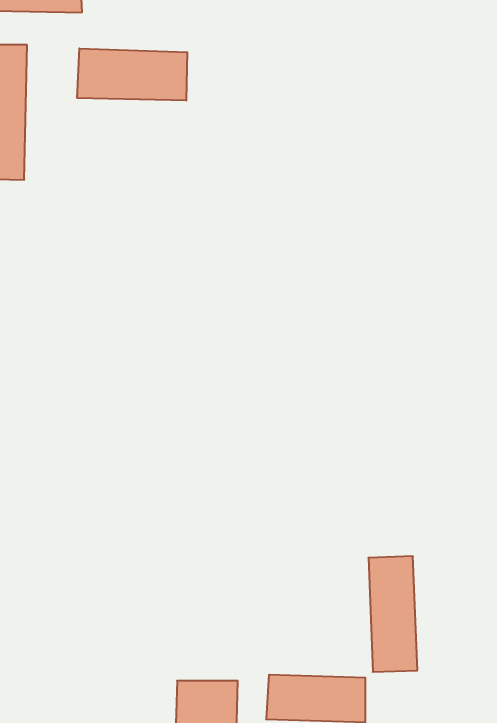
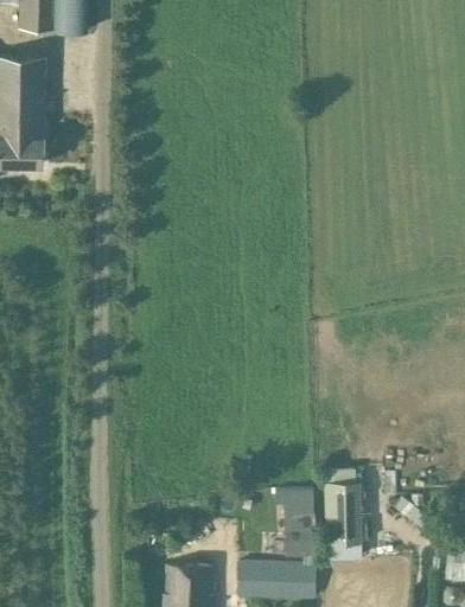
building: [77,48,187,101] -> none
building: none -> [274,488,316,556]

